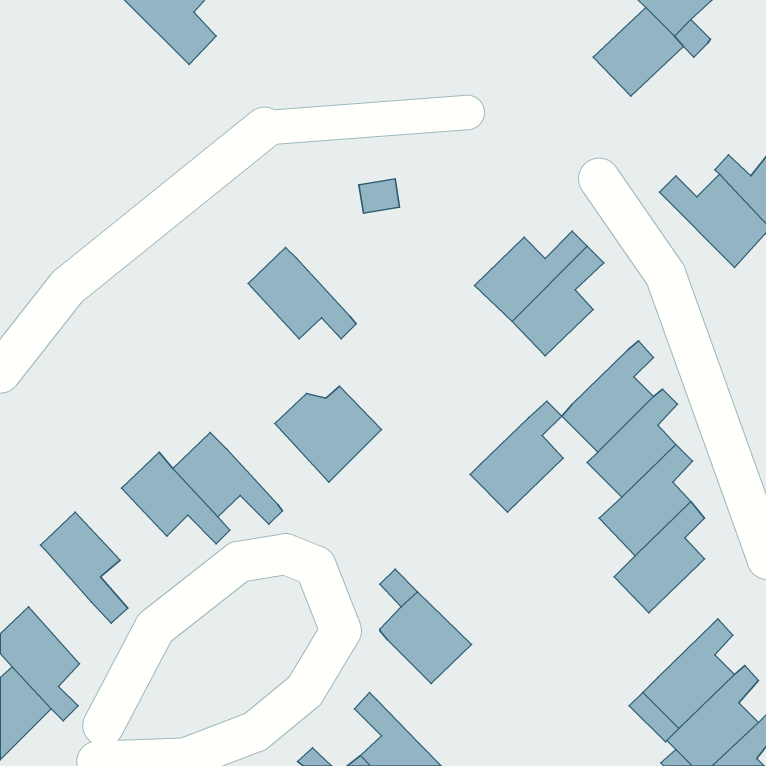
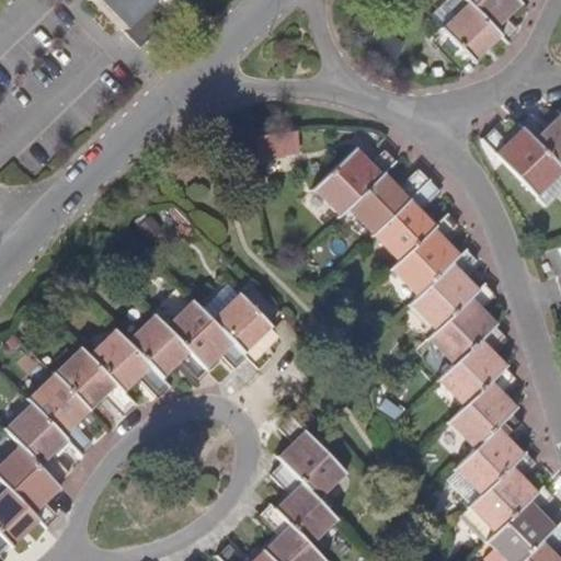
building: none -> [314,148,396,215]
building: [248,247,356,339] -> [167,301,245,368]
building: [470,401,563,512] -> [391,214,459,295]
building: none -> [56,347,135,415]
building: none -> [8,401,71,484]
building: none -> [455,412,523,494]
building: none -> [274,467,332,542]

